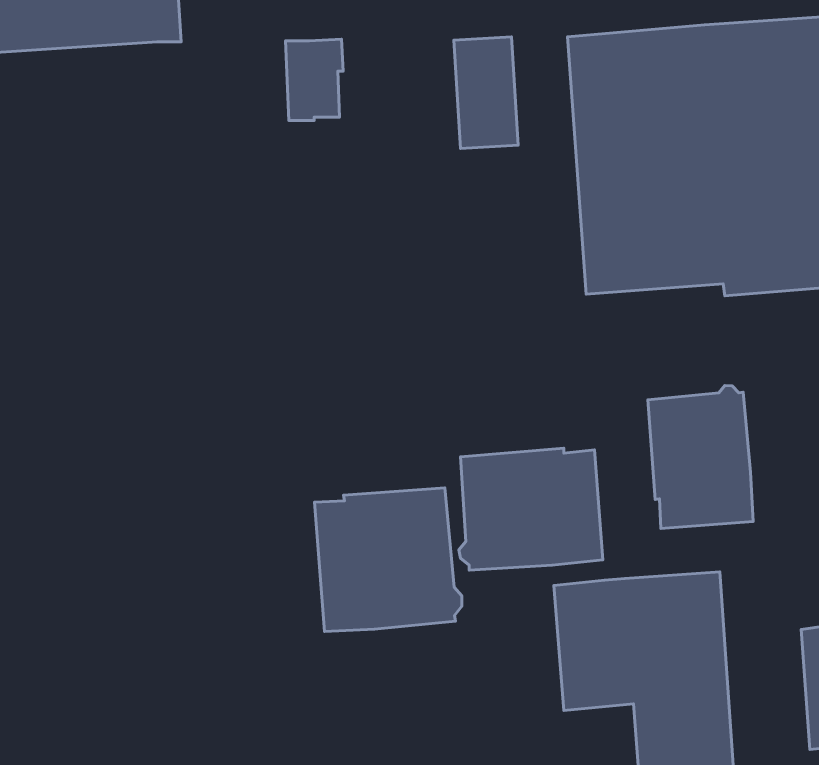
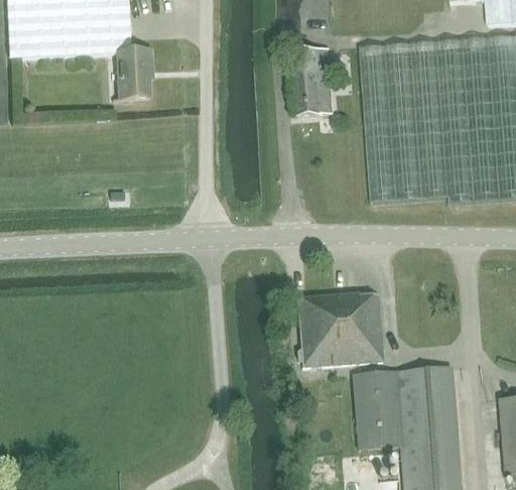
building: [285,39,343,120] -> [117,50,151,99]
building: [648,385,753,528] -> none
building: [314,488,462,632] -> none

